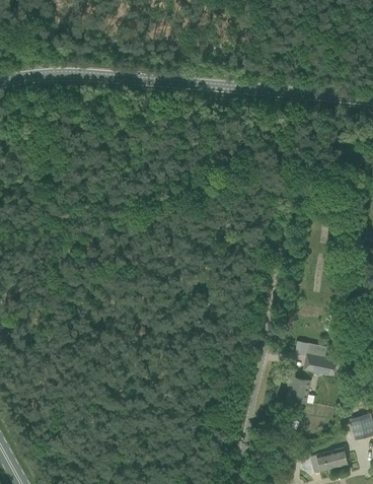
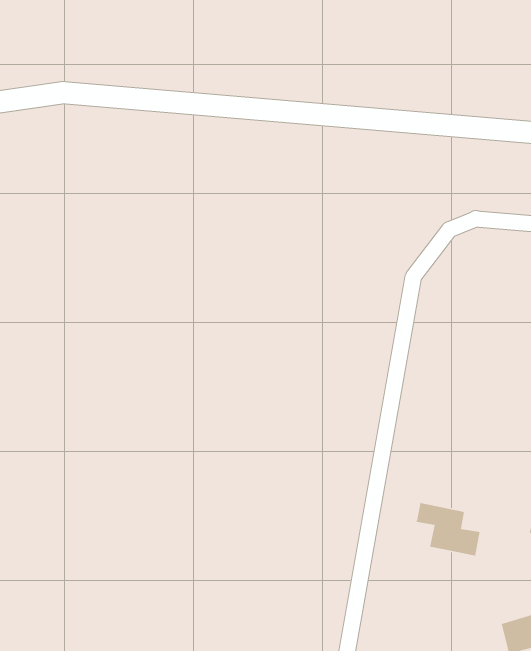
building: [288,375,309,402] -> none

